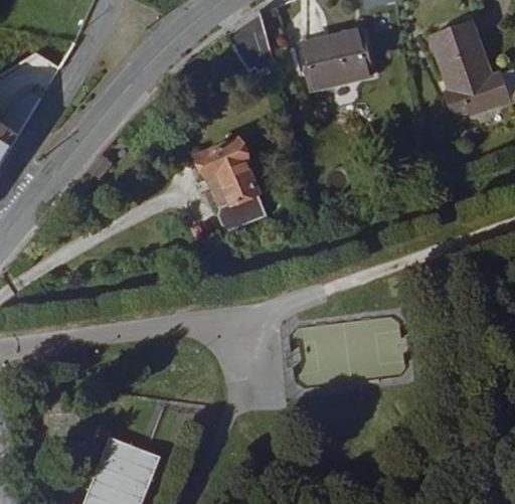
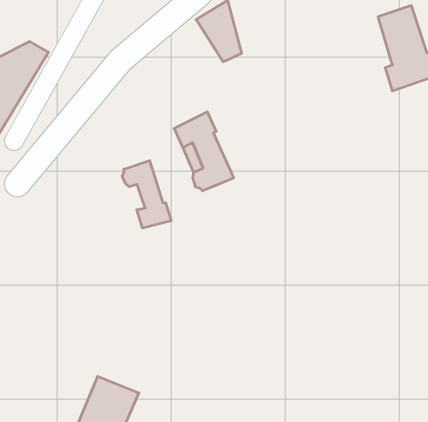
building: [297,27,370,86] -> none
building: none -> [122,161,171,228]

